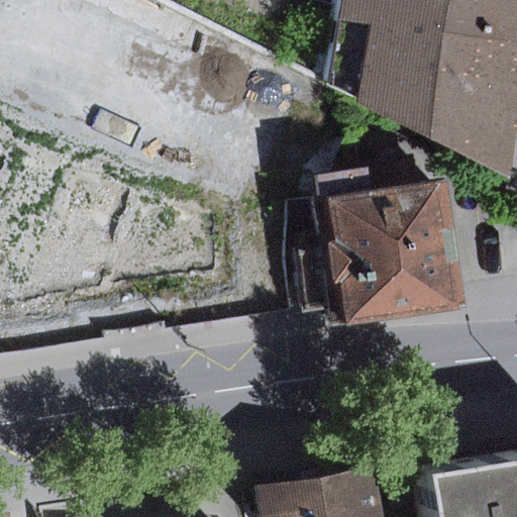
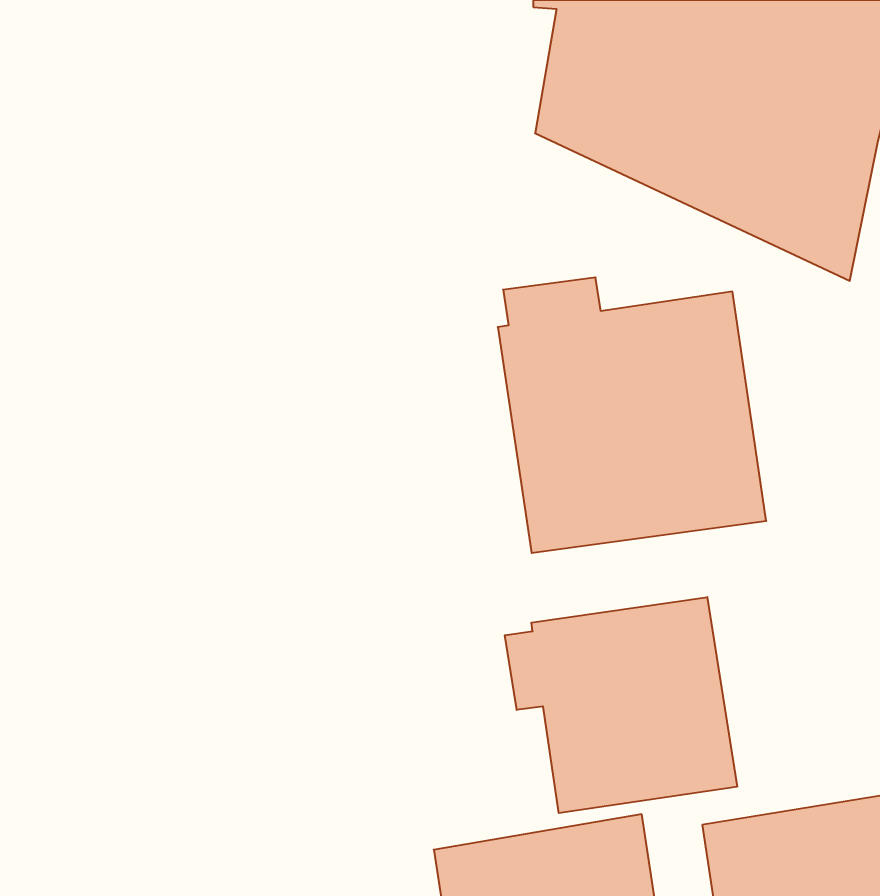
building: none -> [505,597,737,813]

